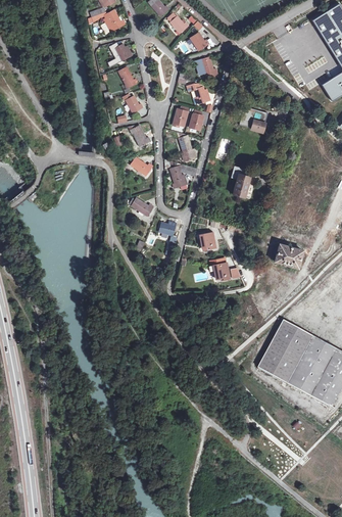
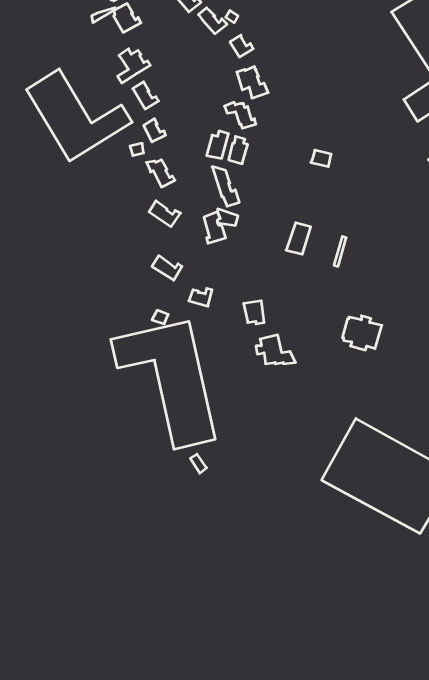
building: none -> [26,69,132,161]
building: none -> [111,321,215,449]

